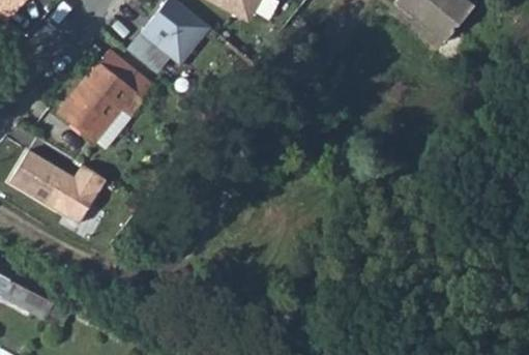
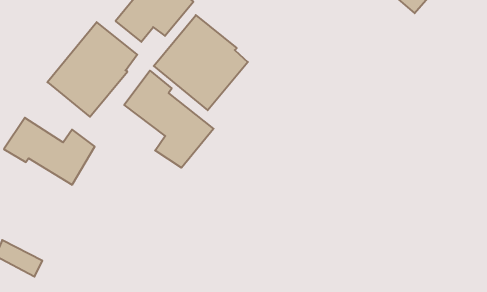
building: none -> [154,15,248,110]
building: none -> [124,71,214,168]

